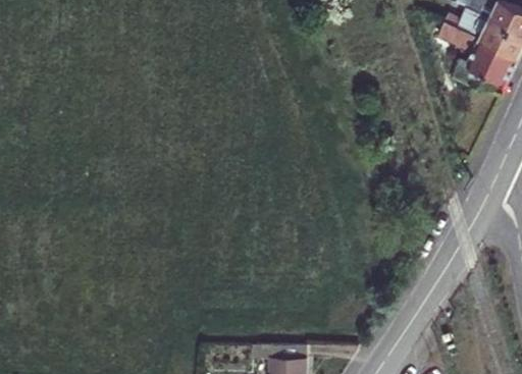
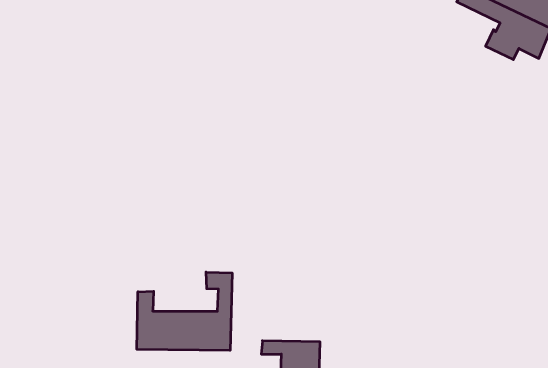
building: none -> [137,272,232,350]

